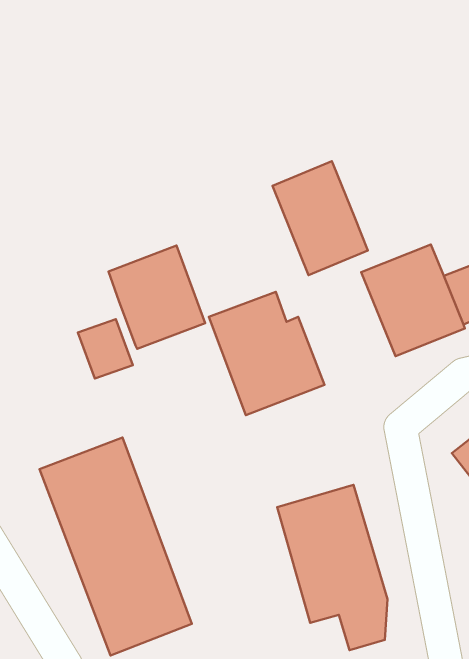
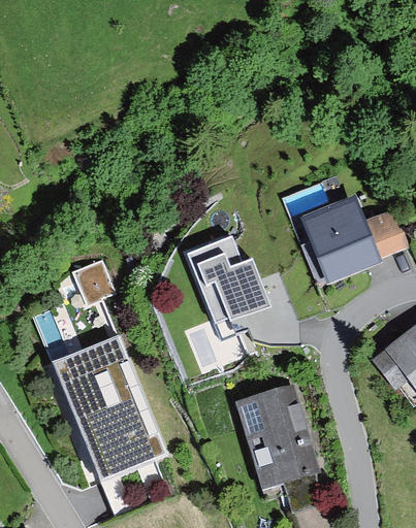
building: [273,161,368,275] -> none
building: [108,246,205,349] -> none

